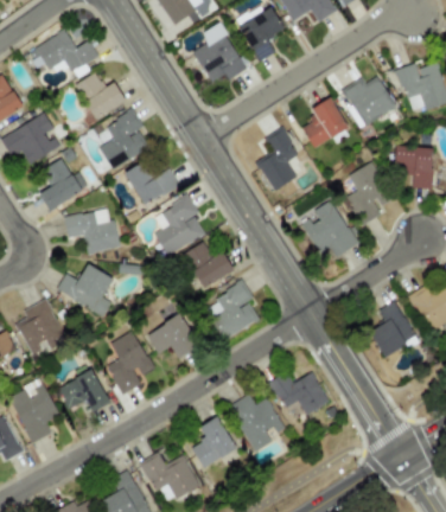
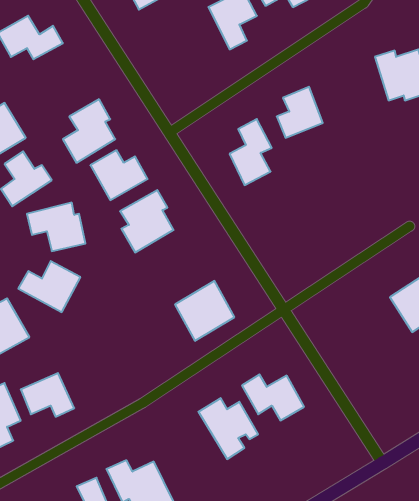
building: [193,23,247,82] -> none
building: [75,71,126,119] -> none
building: [342,76,396,128] -> none
building: [394,146,433,188] -> none
building: [346,162,387,224] -> none
building: [300,200,357,256] -> none
building: [183,241,234,288] -> none
building: [370,300,415,354] -> none
building: [147,314,199,358] -> none
building: [107,331,153,395] -> none
building: [191,416,237,468] -> none

